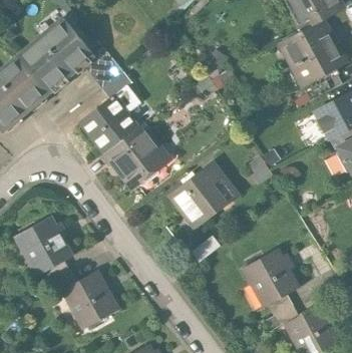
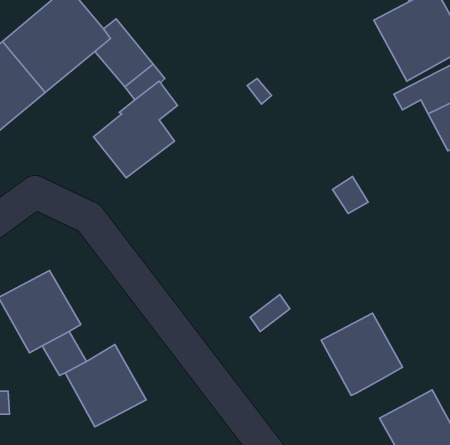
building: [104,125,163,189] -> none
building: [168,162,237,230] -> none
building: [263,295,298,332] -> none

